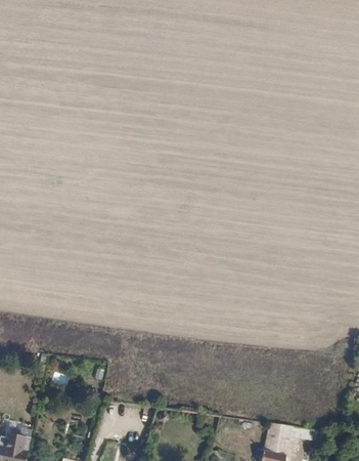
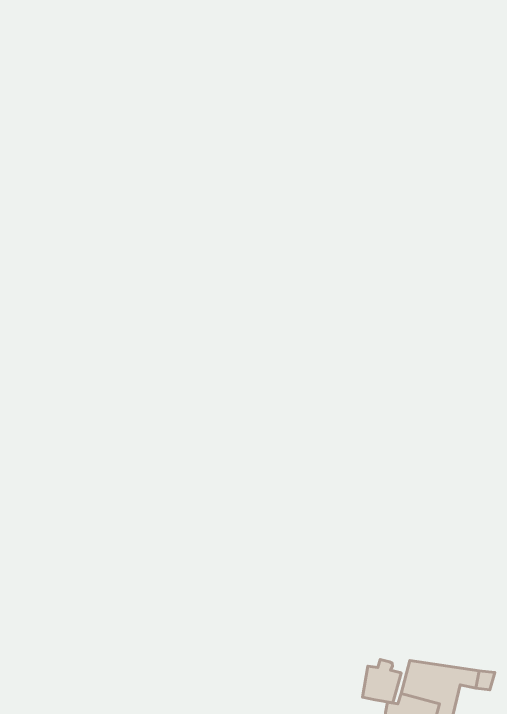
building: none -> [362,659,401,703]

